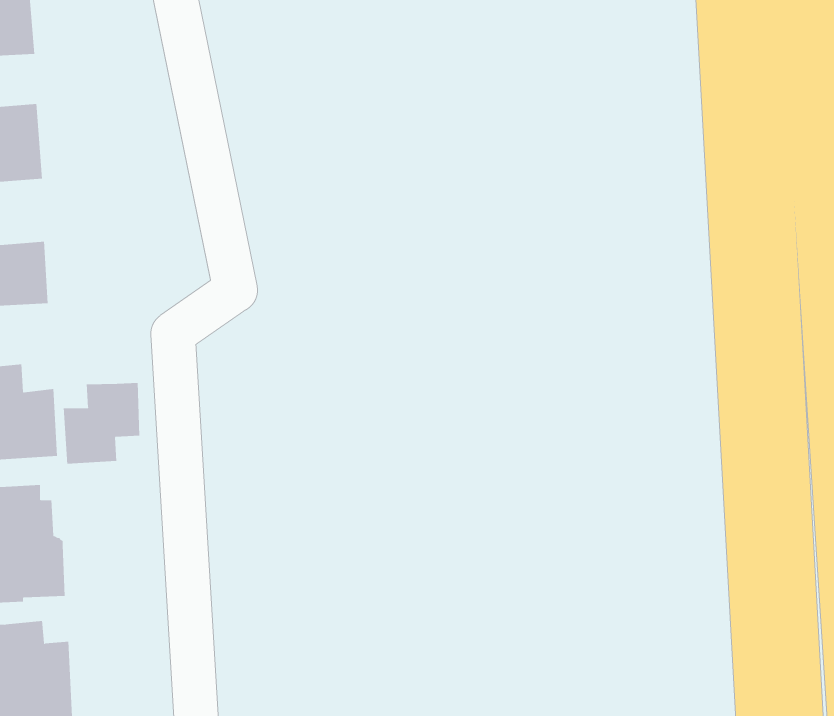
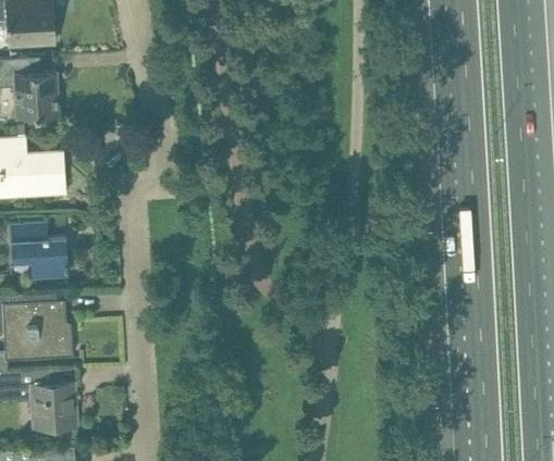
building: [63,382,140,464] -> none

